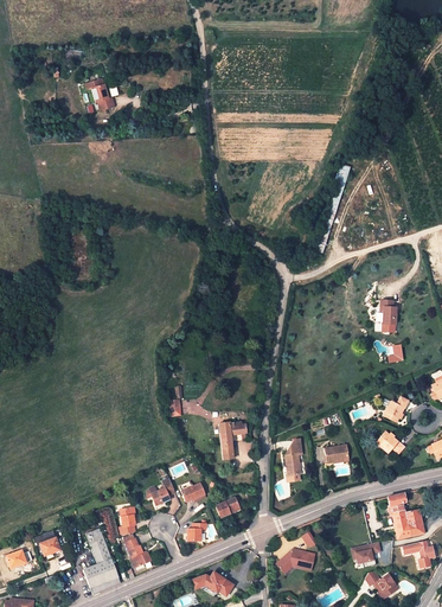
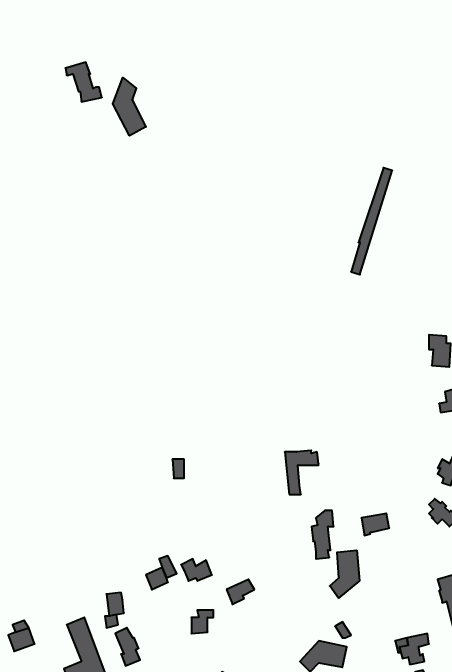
building: none -> [113,78,146,136]
building: [219,423,246,459] -> [285,450,319,494]
building: none -> [330,550,360,598]

